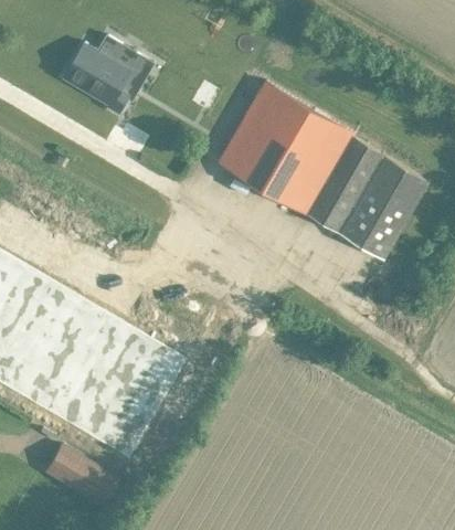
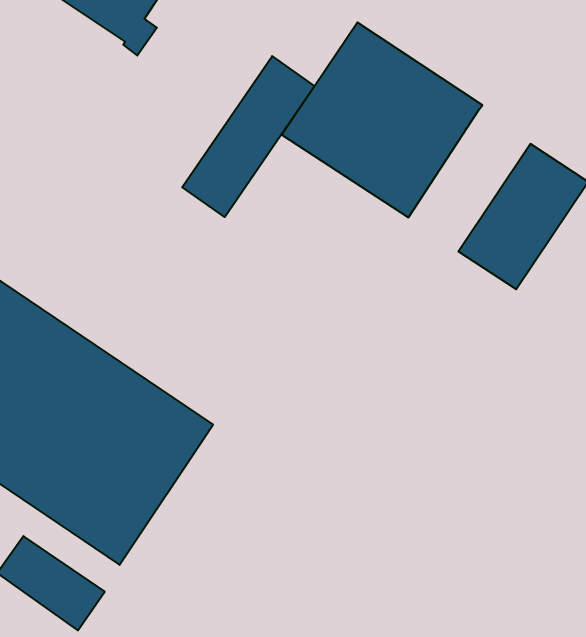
building: none -> [182,56,315,217]
building: [309,134,389,231] -> none

